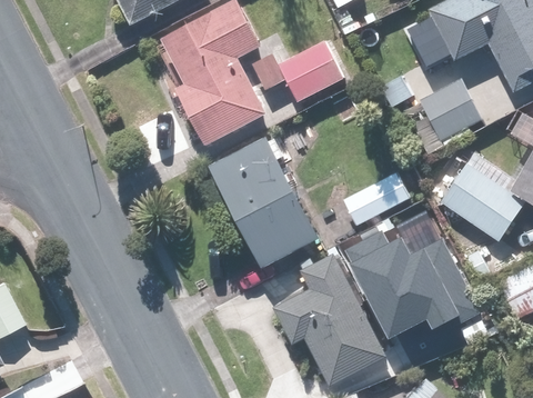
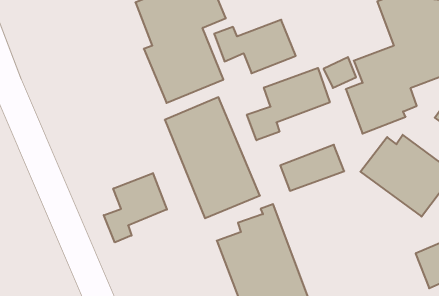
building: none -> [247,68,330,140]
building: none -> [104,173,167,242]
building: [343,227,482,330] -> none

